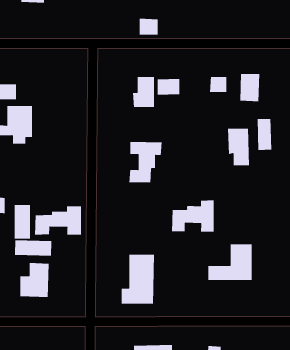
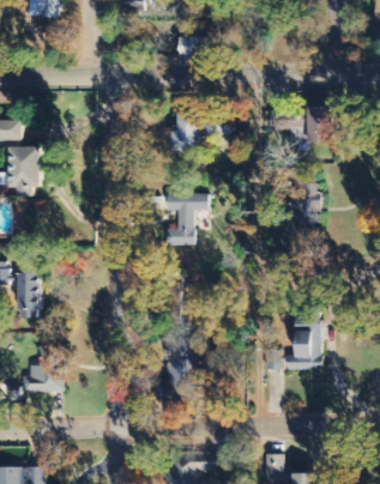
building: [257,118,272,151] -> none
building: [171,199,214,233] -> none
building: [35,205,82,236] -> none
building: [14,240,52,256] -> none

